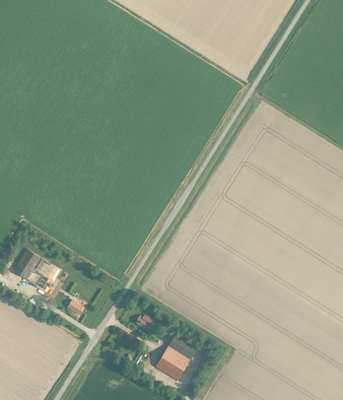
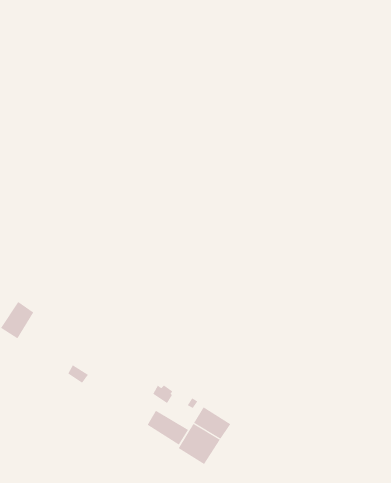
building: [27,259,60,292] -> none
building: none -> [147,410,189,446]

